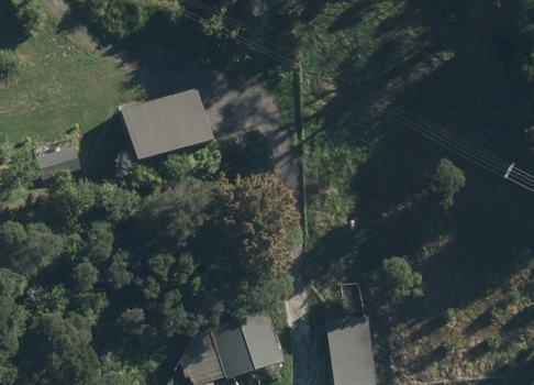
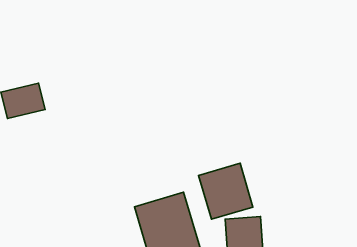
building: [115,91,207,172] -> none
building: none -> [199,163,253,219]

